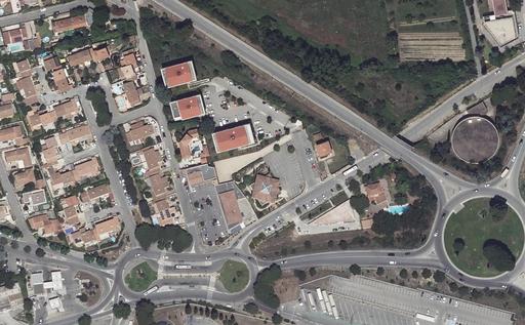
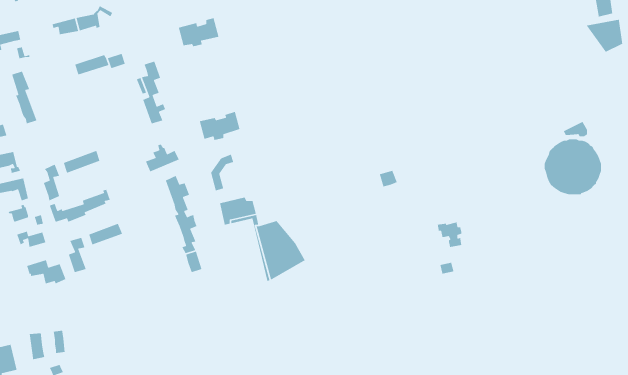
building: [43,52,73,91] -> none
building: [161,59,195,84] -> [178,17,219,47]
building: [27,98,77,126] -> none
building: [212,123,251,149] -> none
building: [249,171,279,204] -> none
building: [307,199,354,225] -> none
building: [70,216,118,244] -> none

